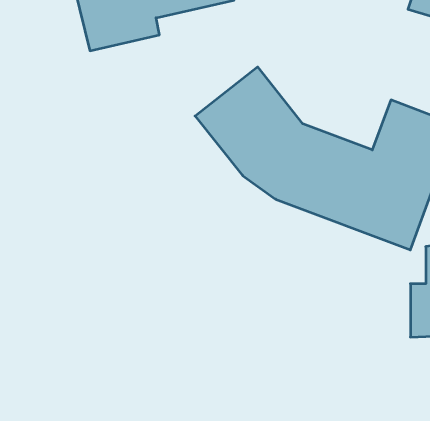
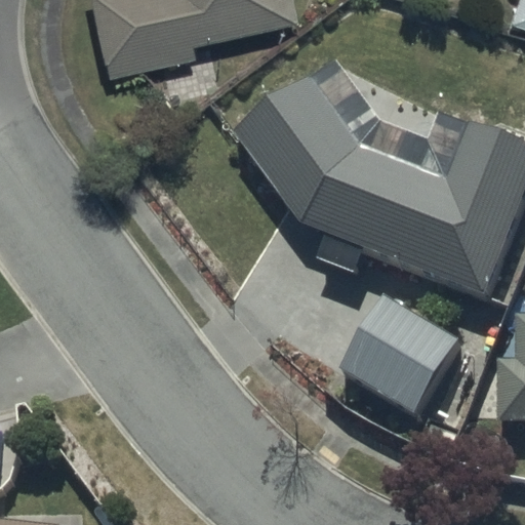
building: none -> [336,293,453,410]

